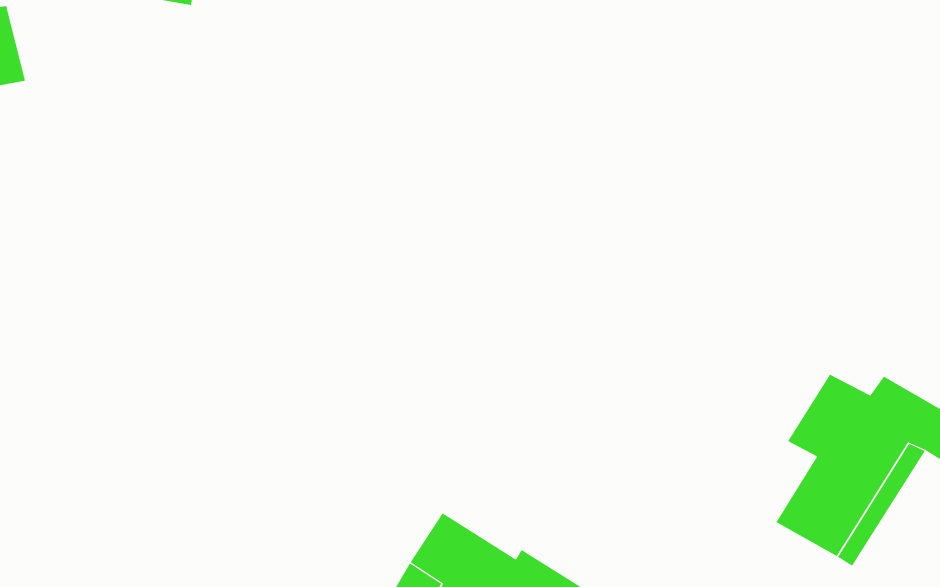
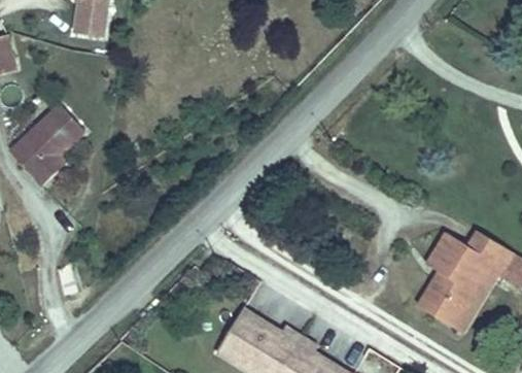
building: none -> [9,105,82,188]

